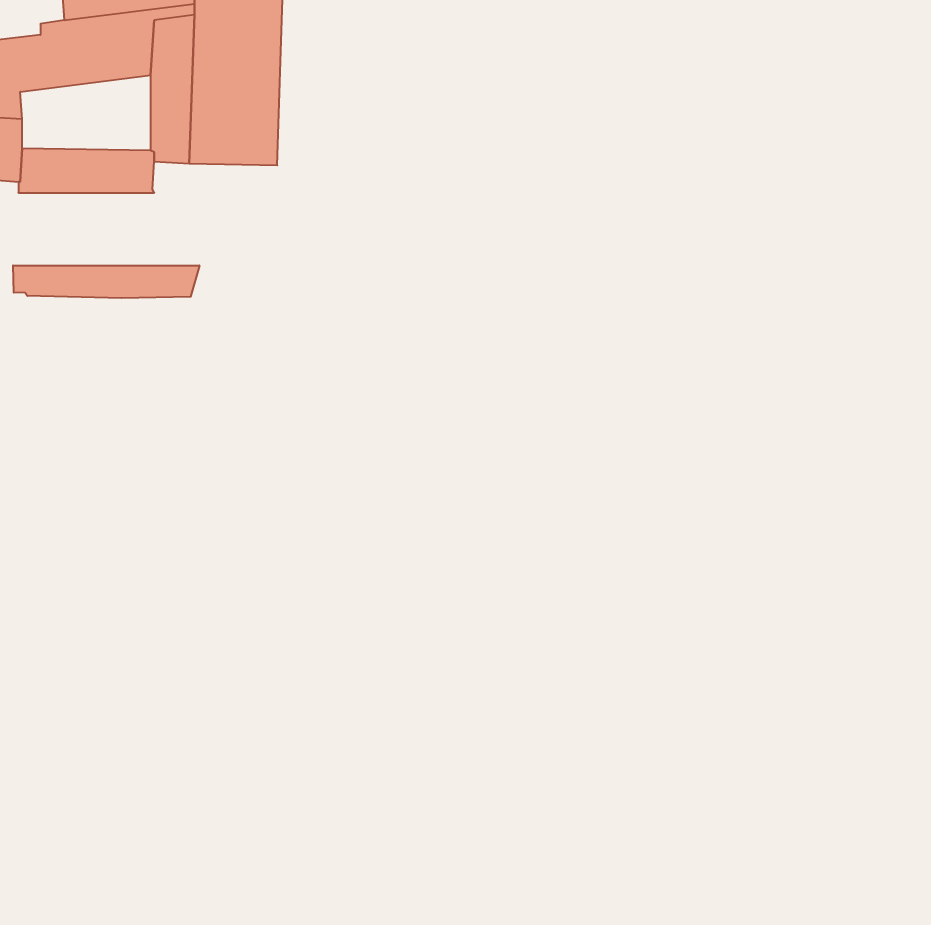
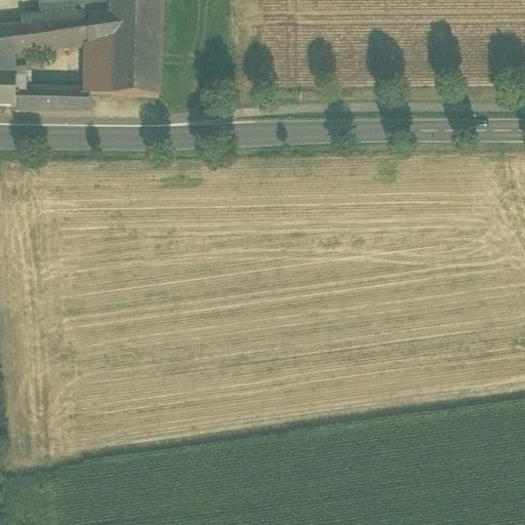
building: [13,265,199,298] -> none

